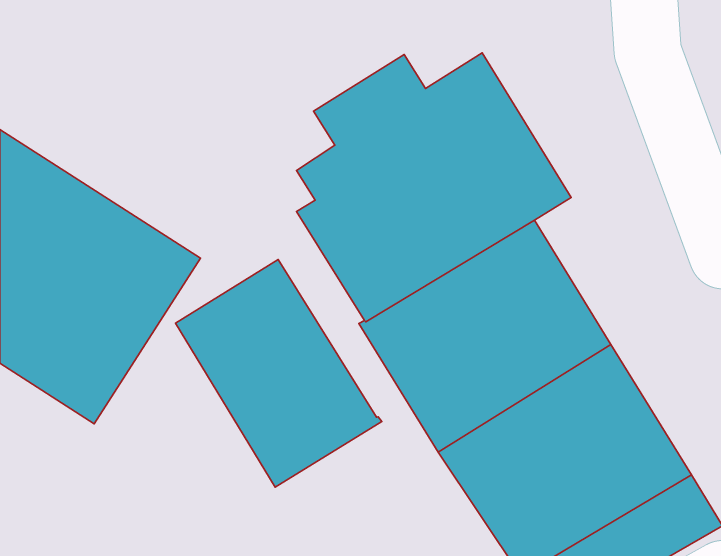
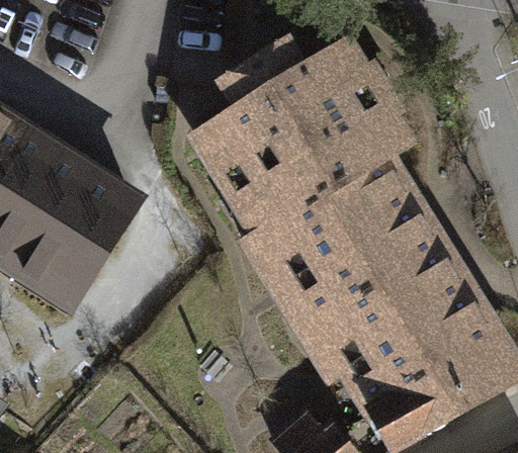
building: [175,260,382,487] -> none

